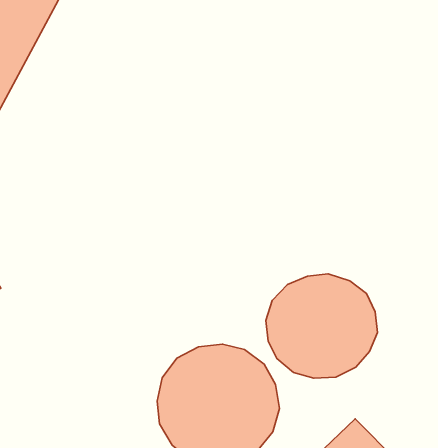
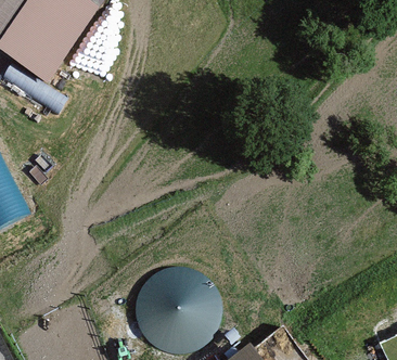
building: [266,274,377,378] -> none

